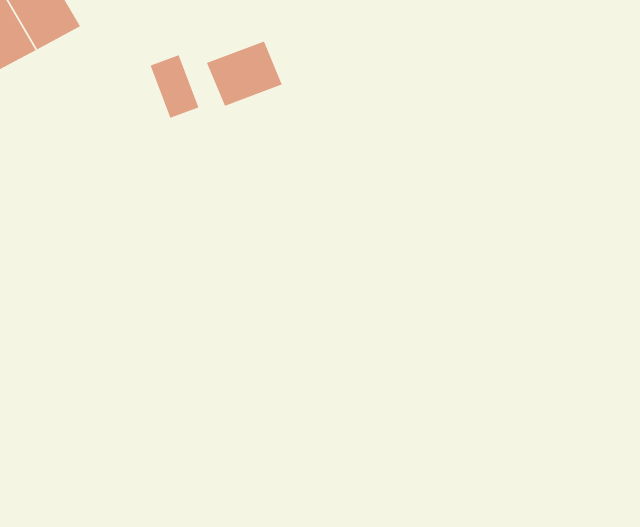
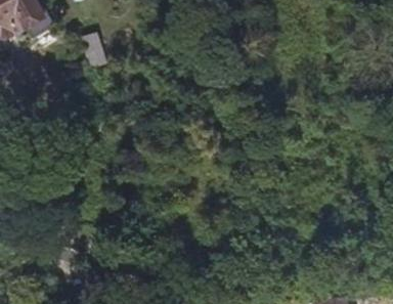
building: [206,40,283,107] -> none

